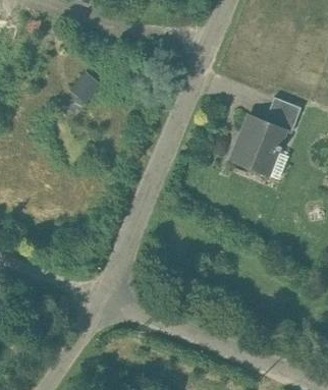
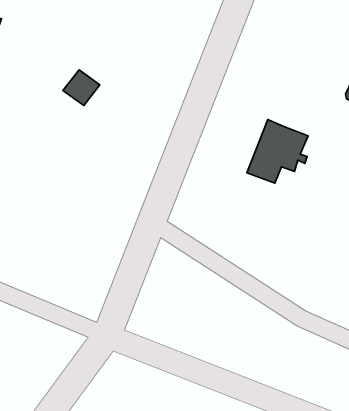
building: [265,97,304,133] -> none

